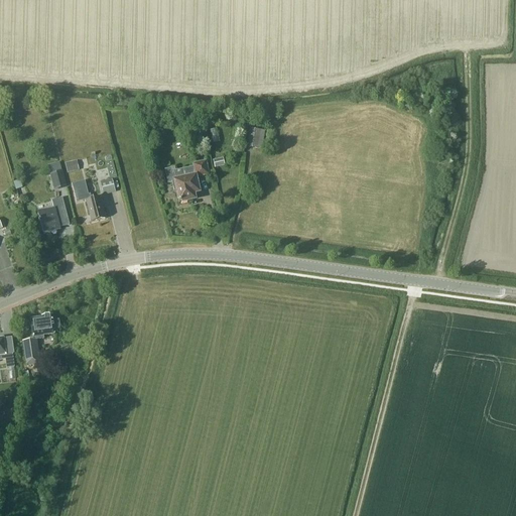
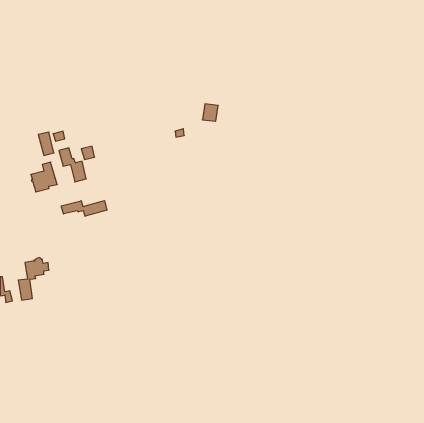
building: [164,160,208,201] -> none
building: none -> [61,201,107,216]

